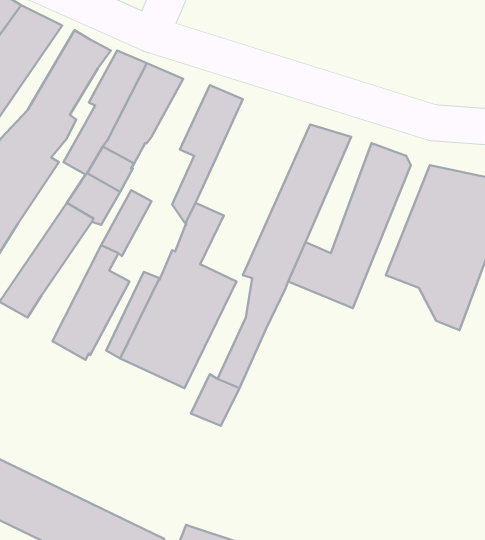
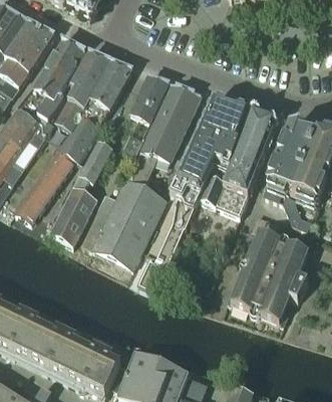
building: none -> [140,79,201,159]
building: none -> [211,104,253,178]
building: none -> [228,211,313,322]

